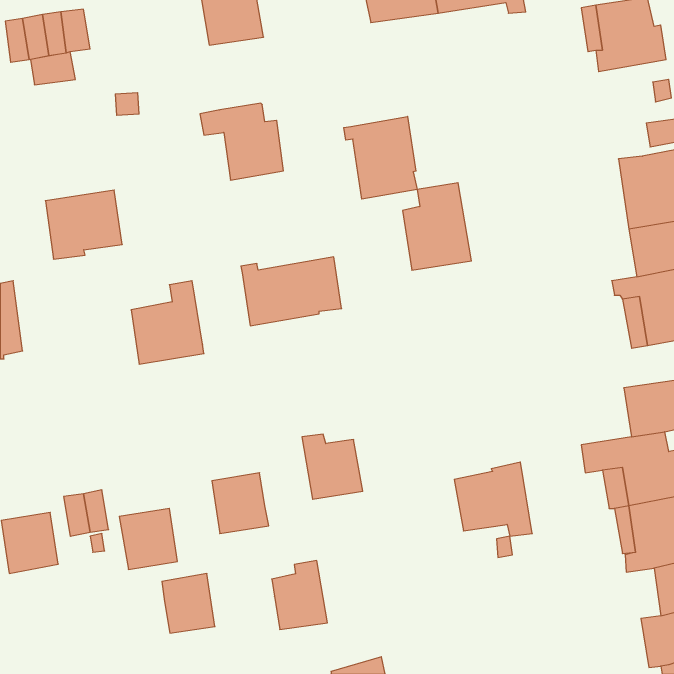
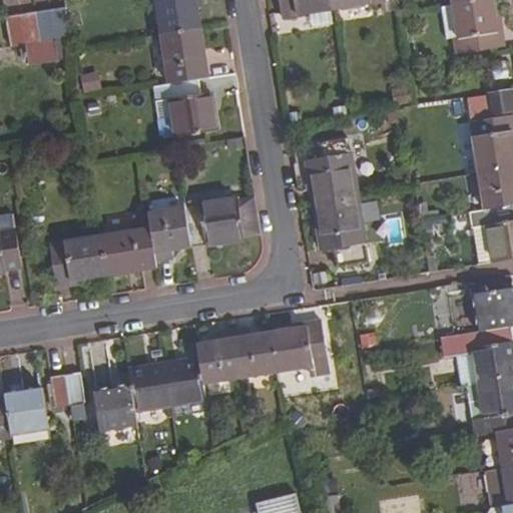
building: none -> [160,28,209,83]
building: [344,116,417,199] -> none
building: [45,190,122,259] -> [49,234,107,287]
building: none -> [314,197,368,267]
building: none -> [147,206,191,261]
building: [454,462,532,536] -> [270,320,329,376]
building: [272,561,327,629] -> [196,331,238,383]
building: [162,574,215,633] -> [128,364,168,409]

